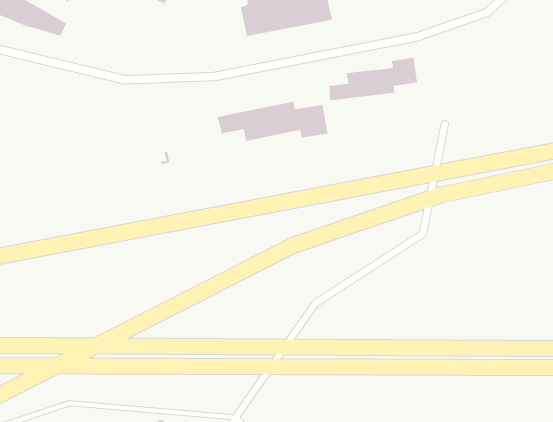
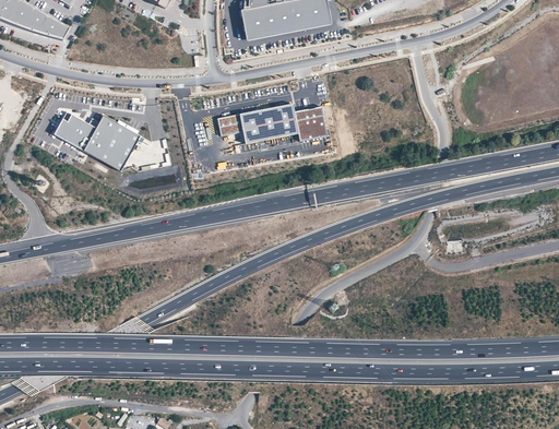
building: [328,57,418,101] -> none
building: none -> [52,110,141,171]

